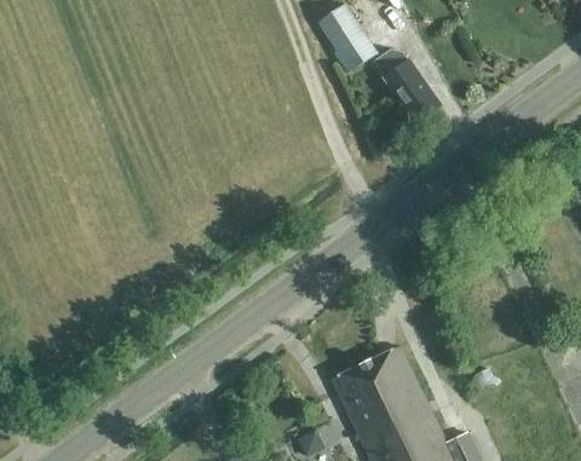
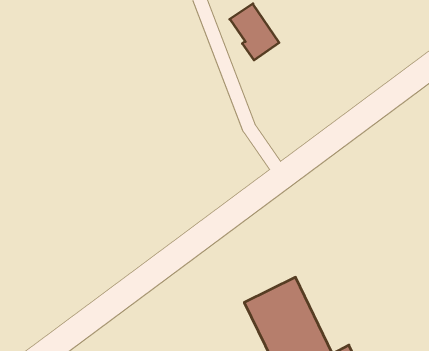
building: [374,52,442,125] -> none

